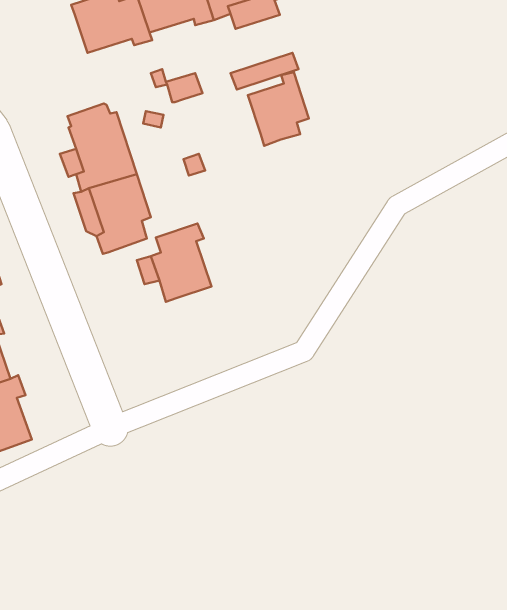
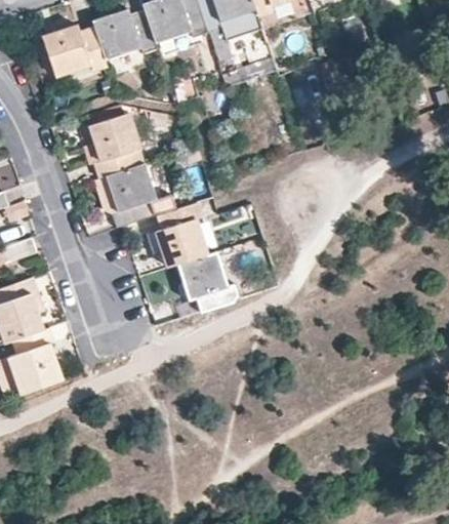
building: none -> [41,29,107,79]
building: [248,72,309,146] -> none
building: none -> [176,249,238,310]

